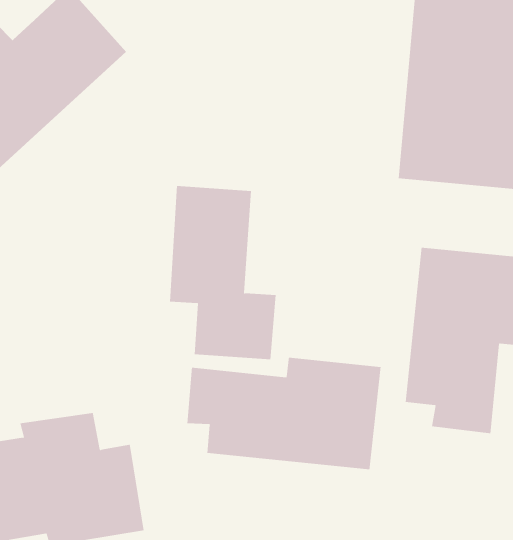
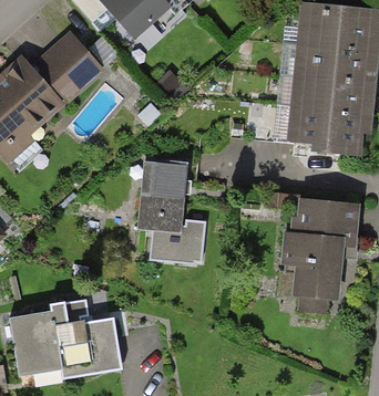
building: [187,357,381,470] -> none

